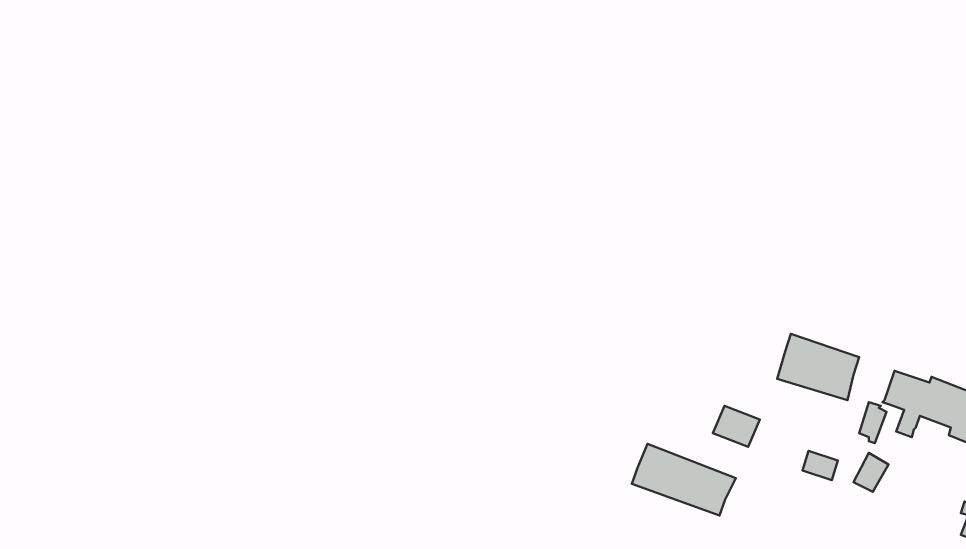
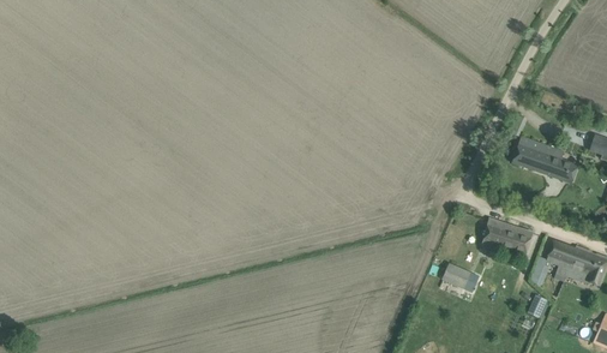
building: none -> [511,134,577,183]
building: [632,444,736,515] -> none

